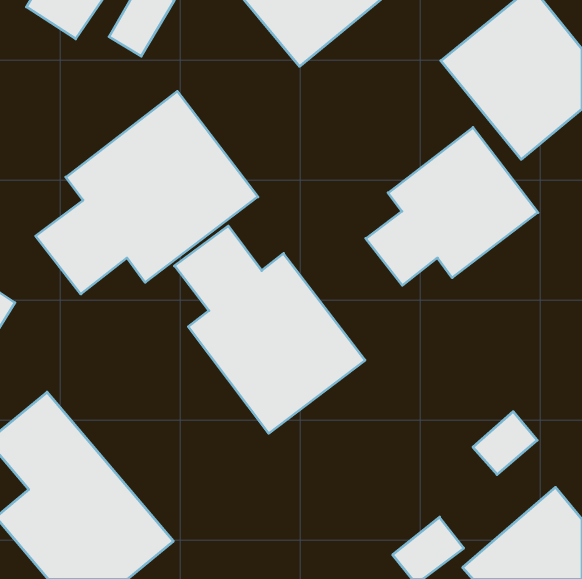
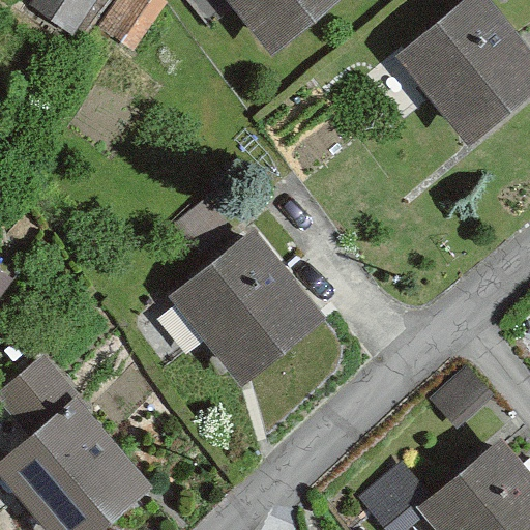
building: [36,91,258,294] -> none
building: [366,127,538,285] -> none

